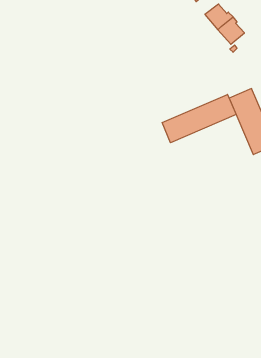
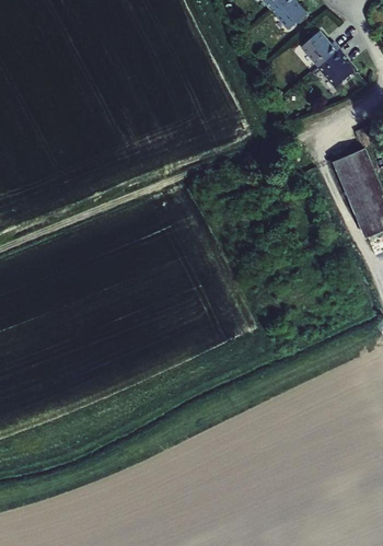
building: [162,94,236,143] -> none

